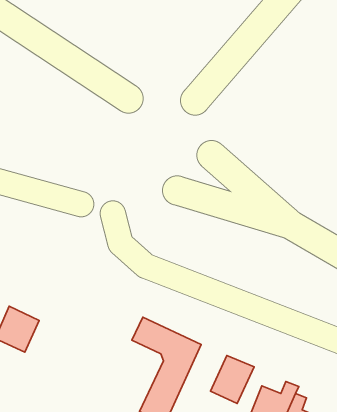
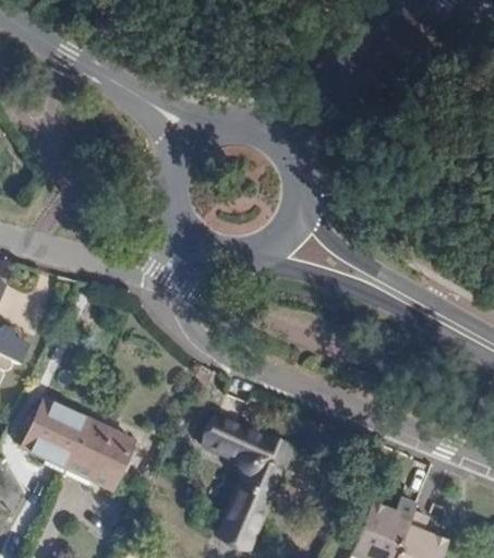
building: none -> [64,418,133,480]
building: [210,355,254,403] -> none

